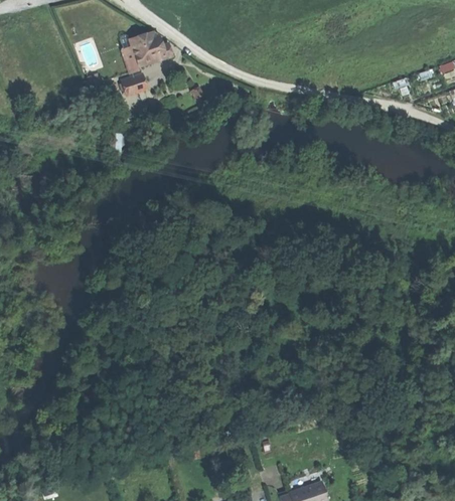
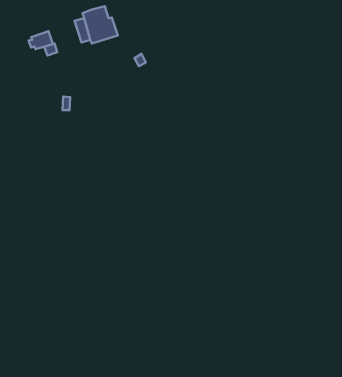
building: [119,72,147,94] -> [29,31,53,49]

